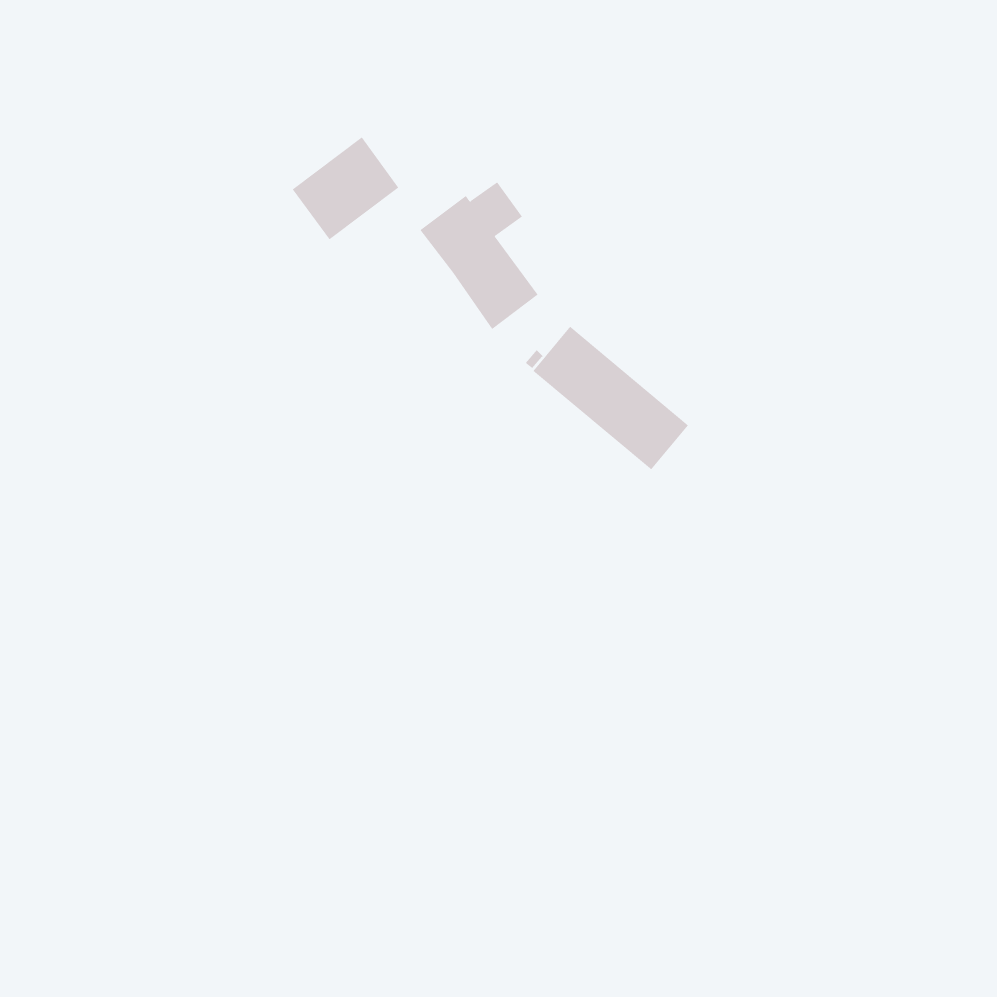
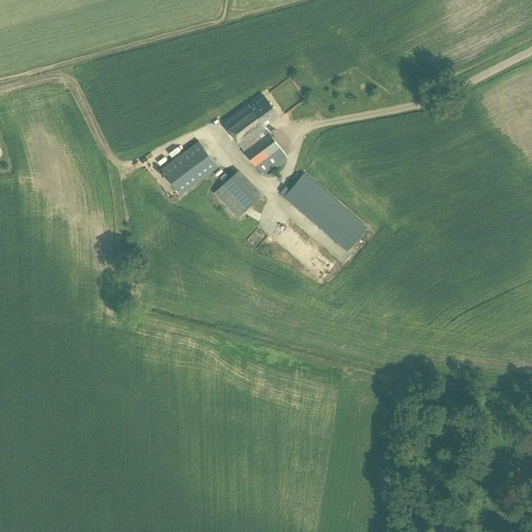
building: [292,137,399,240] -> [161,140,218,195]
building: none -> [213,169,262,218]

